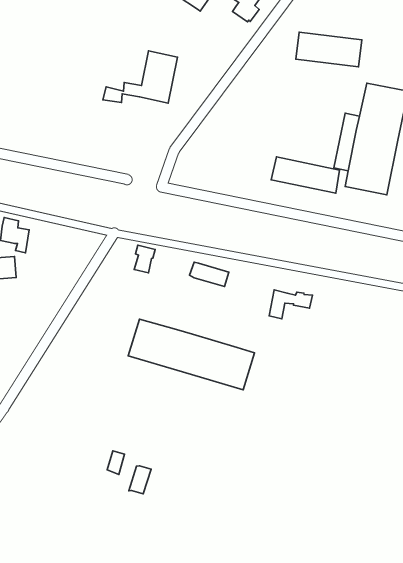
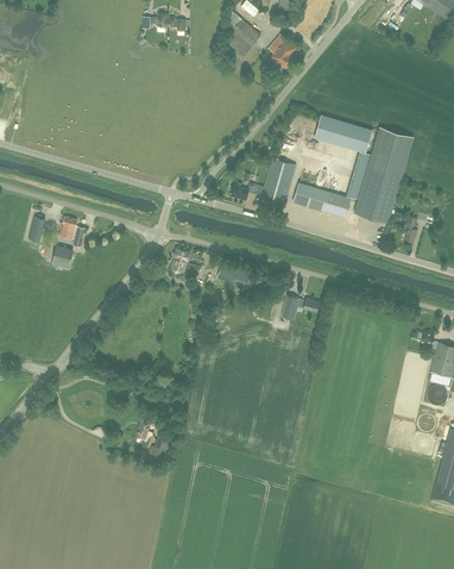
building: [296,32,362,67] -> [314,114,371,148]
building: [103,51,177,103] -> [229,157,295,202]
building: [128,319,255,390] -> none

